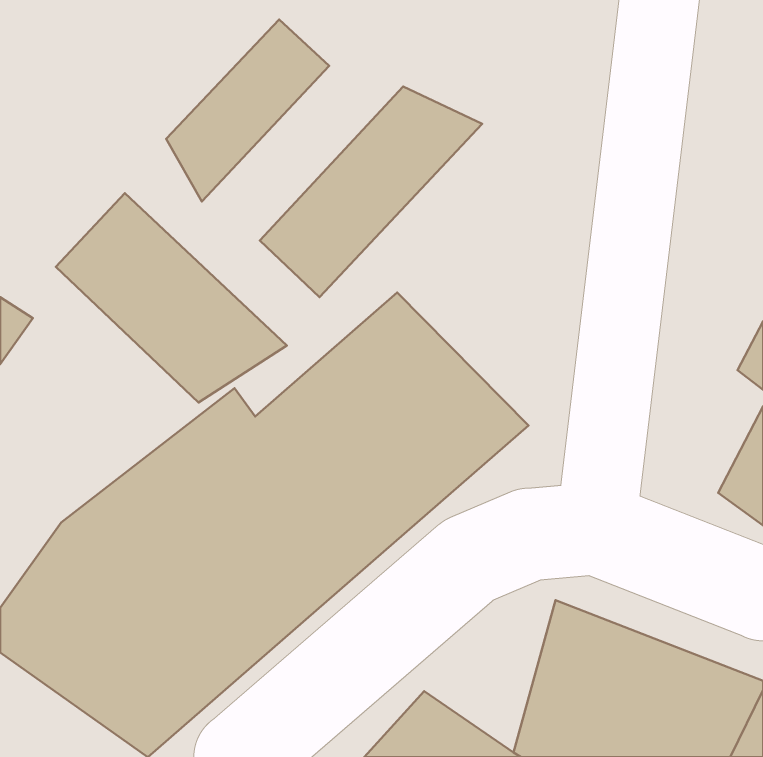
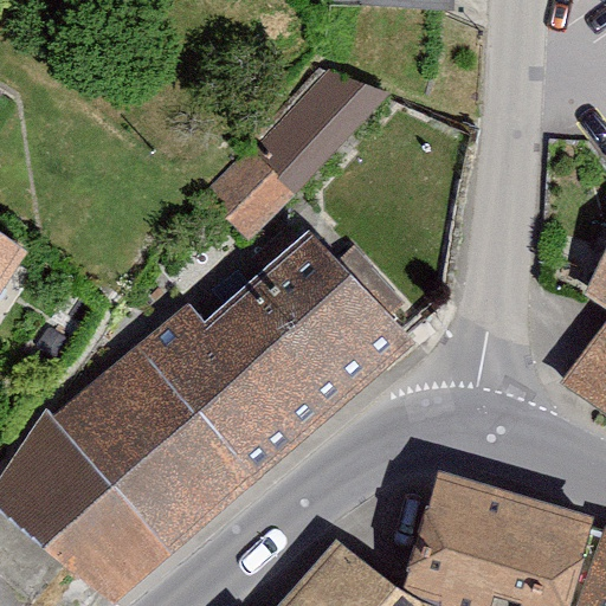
building: [166,20,329,202] -> none
building: [56,193,287,402] -> none

